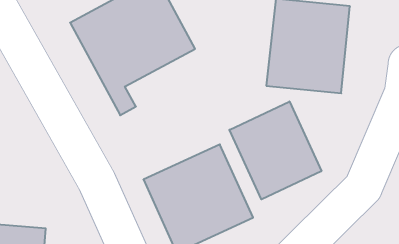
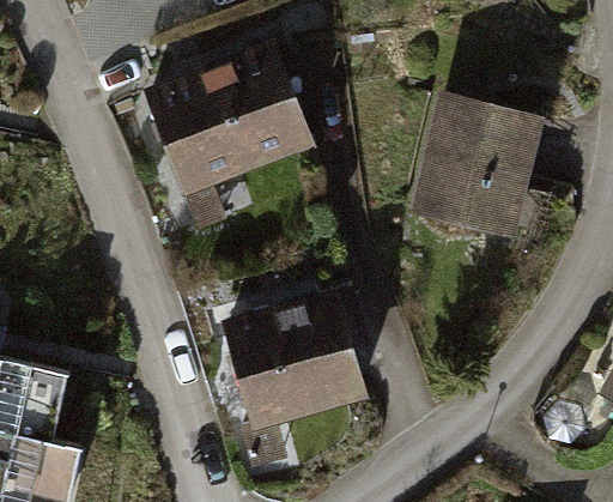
building: [229,101,321,199] -> none

